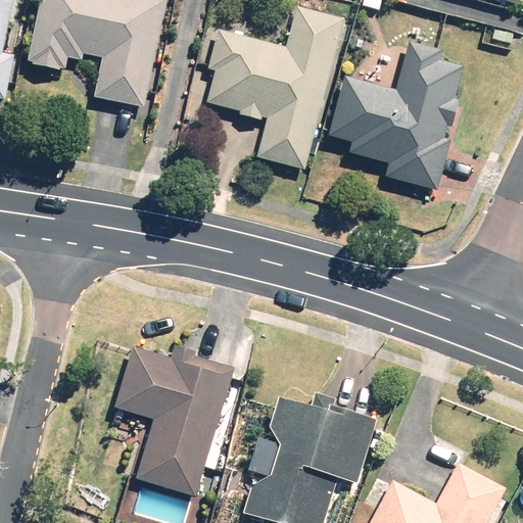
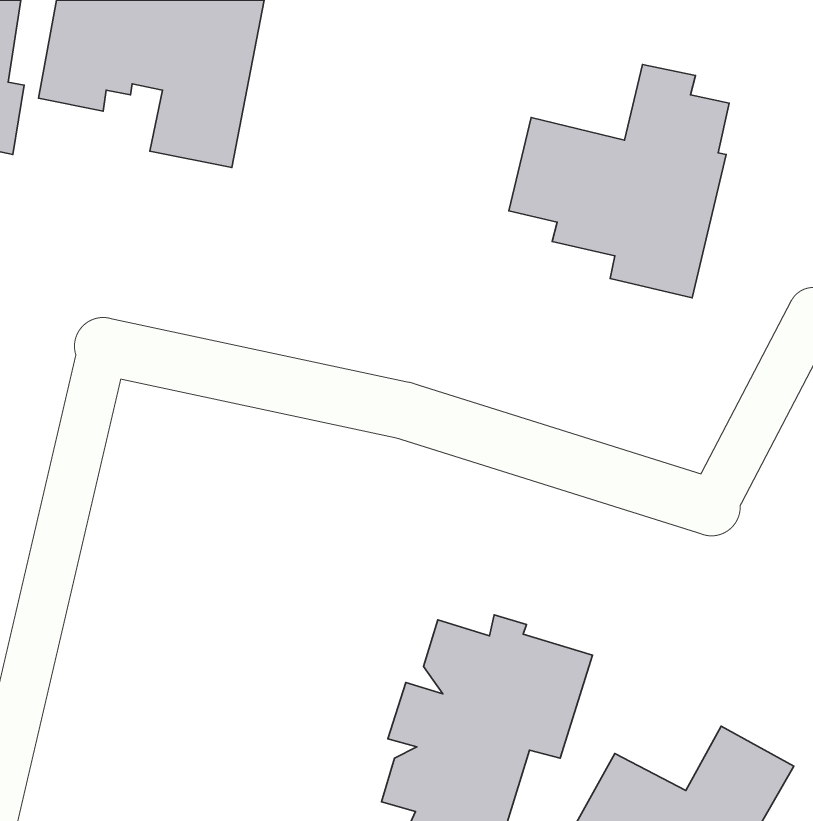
building: [196,9,343,172] -> none
building: [115,342,232,495] -> none

